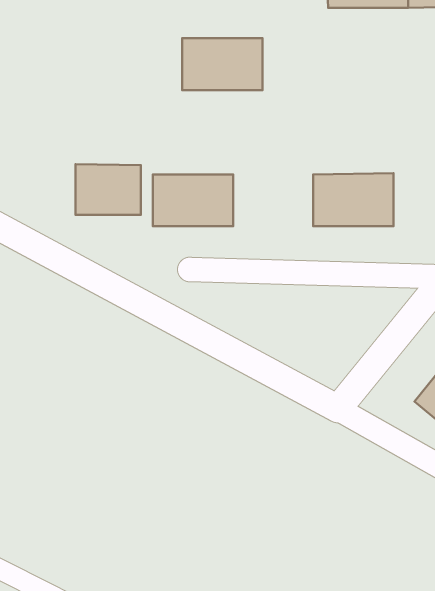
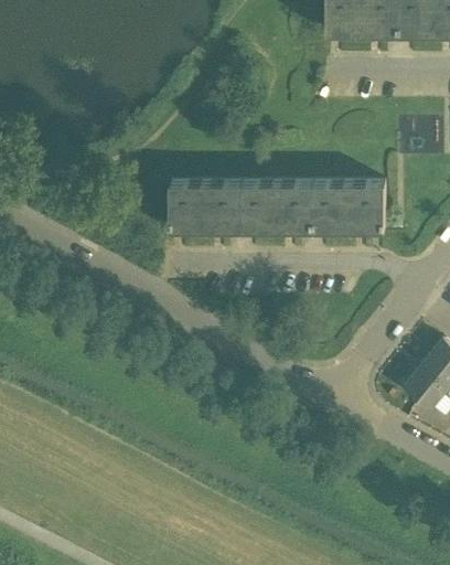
building: [182,38,262,90] -> [242,183,313,230]
building: [76,164,141,215] -> none

